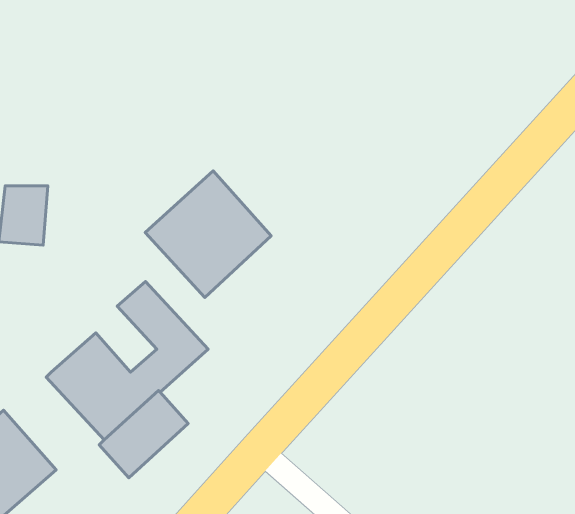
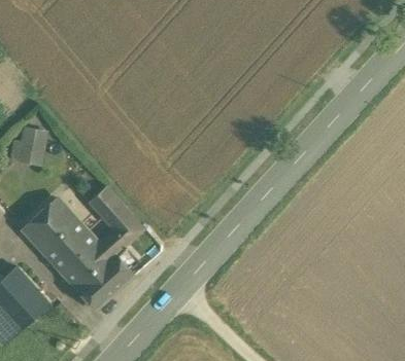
building: [145,171,271,297] -> none
building: none -> [24,191,73,242]

